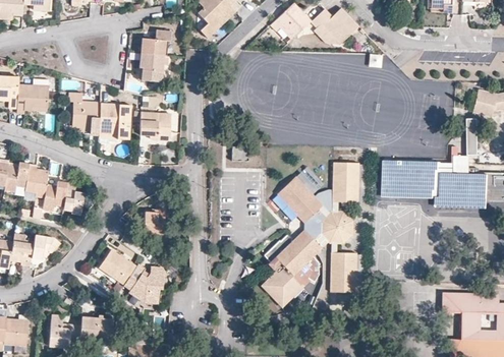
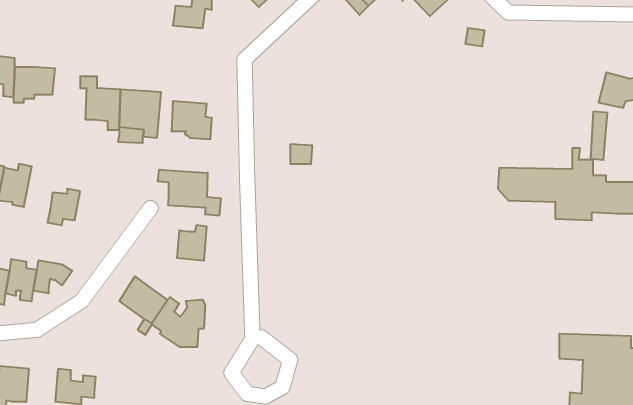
building: [137,52,169,81] -> none
building: [262,160,358,299] -> none
building: [24,162,50,197] -> none
building: [382,163,487,207] -> none
building: none -> [158,170,221,216]
building: [64,181,87,212] -> none
building: [79,316,112,340] -> none

